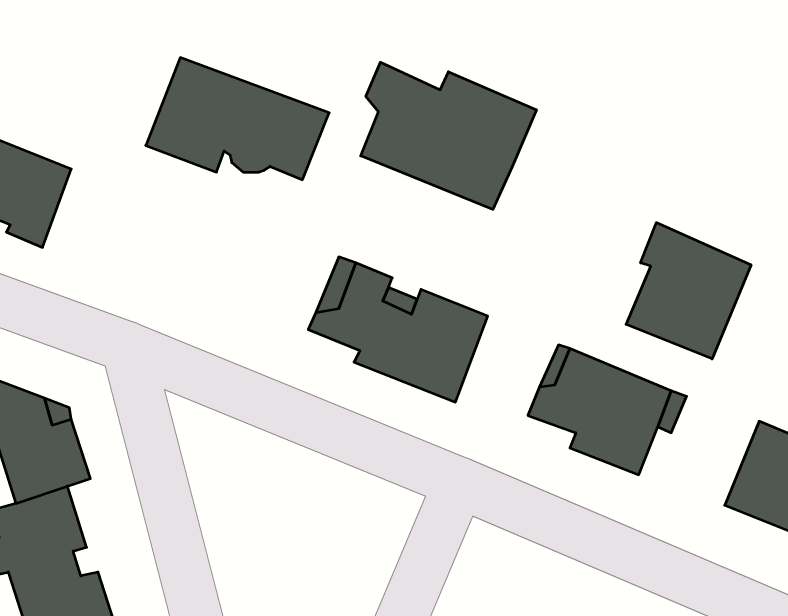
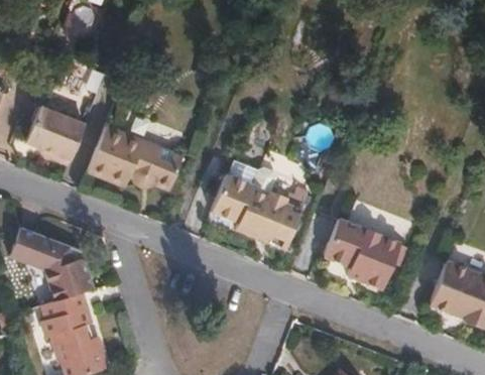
building: [146,58,329,180] -> [88,126,185,191]
building: [361,62,536,209] -> none
building: [626,223,751,359] -> none

